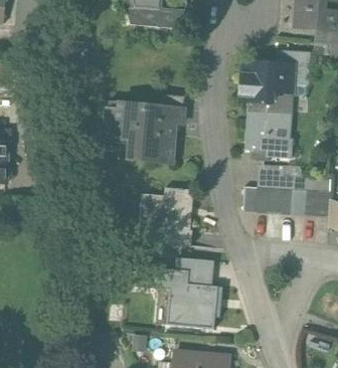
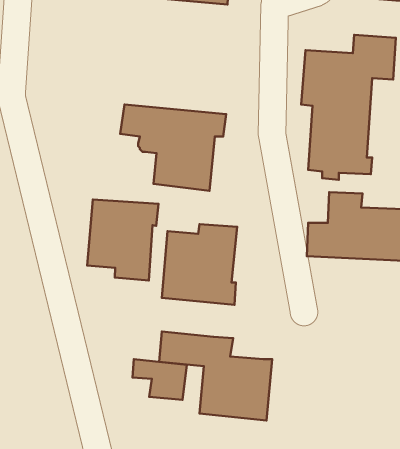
building: none -> [87,199,159,281]
building: [176,255,215,285] -> [132,359,187,400]

